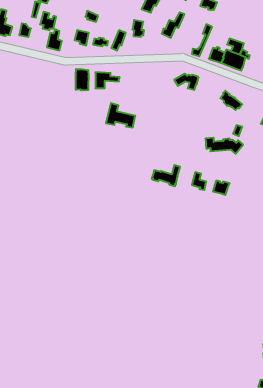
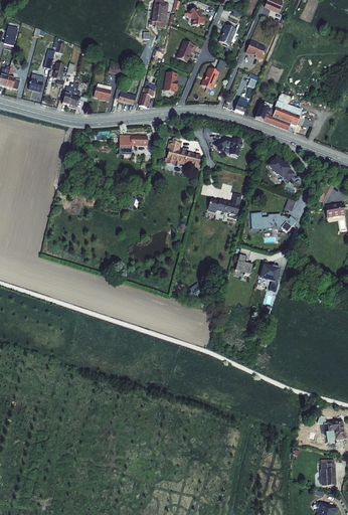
building: [76,69,88,90] -> none
building: [106,103,135,127] -> [165,139,200,168]
building: [152,165,180,186] -> [207,192,241,217]

